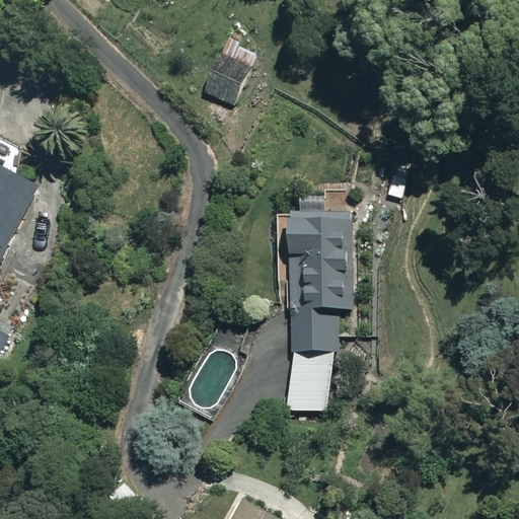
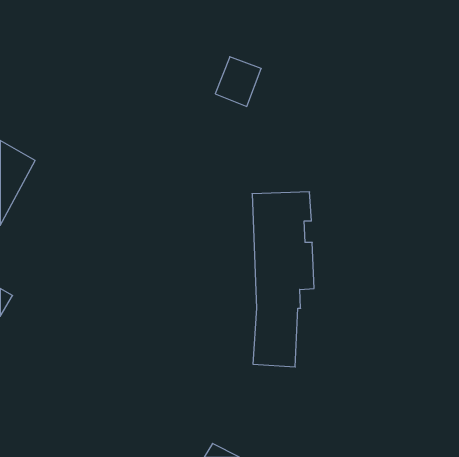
building: [200,47,251,102] -> [215,57,261,106]

